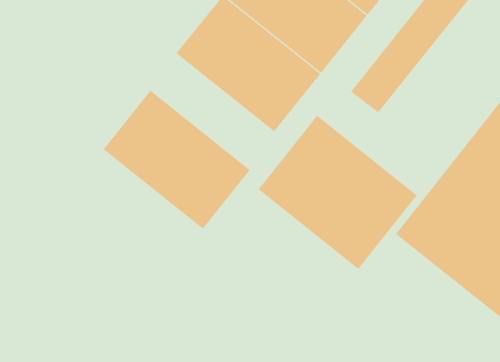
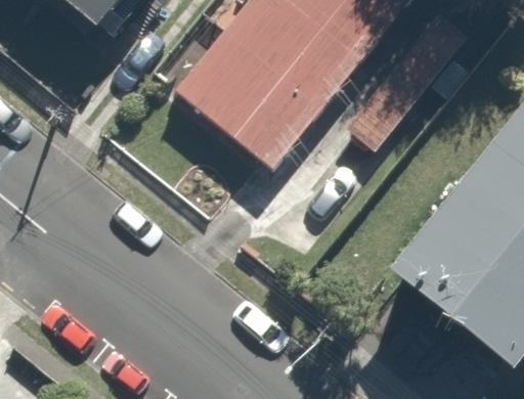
building: [103,90,250,230] -> none
building: [258,115,418,270] -> none

